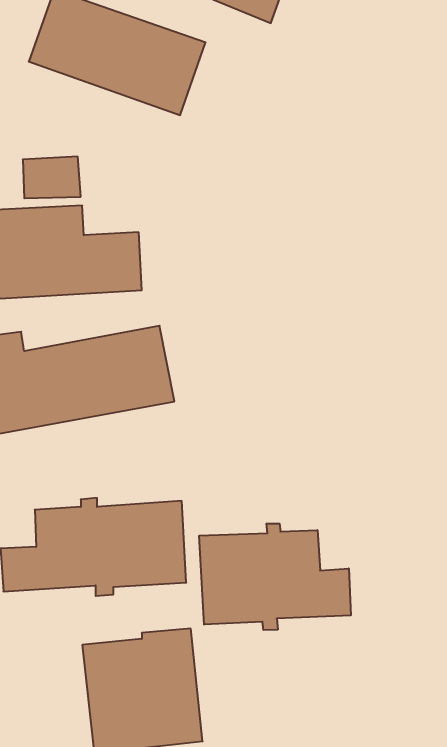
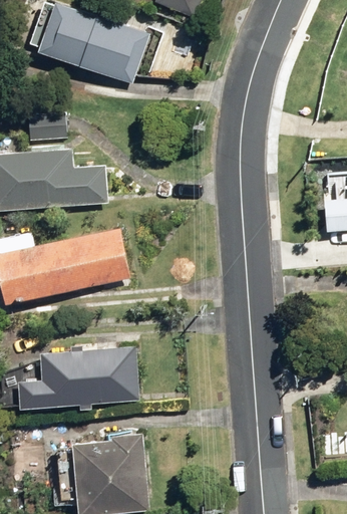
building: [199,524,351,630] -> none

